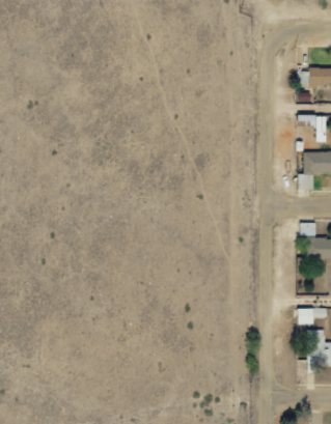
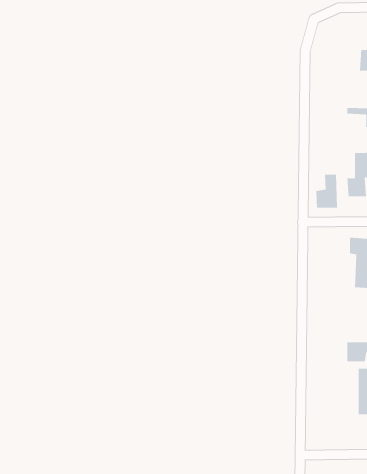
building: none -> [316,174,337,209]

